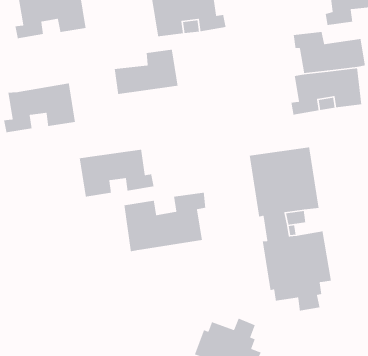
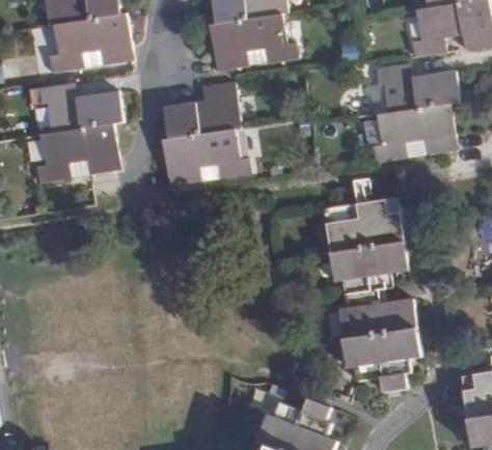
building: none -> [38,82,124,133]
building: [79,149,154,198] -> [162,128,250,185]
building: [124,192,206,252] -> none

